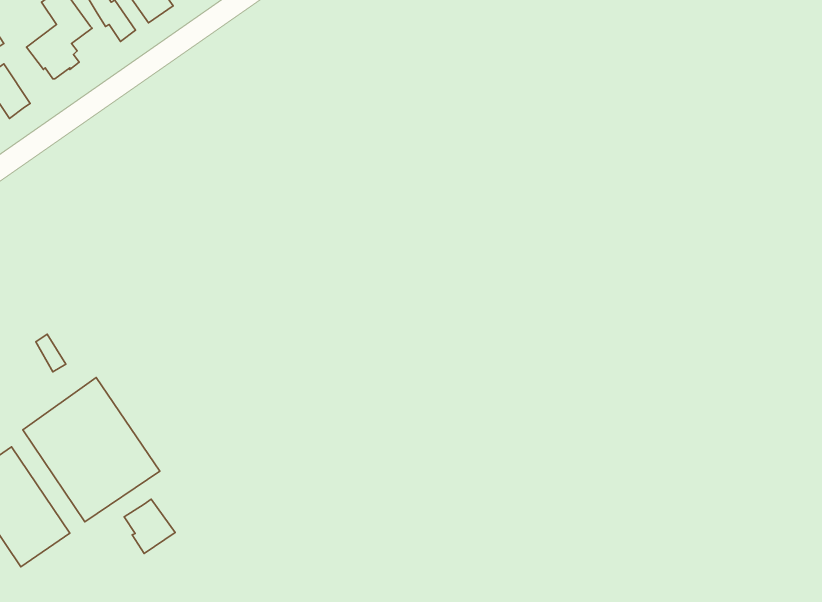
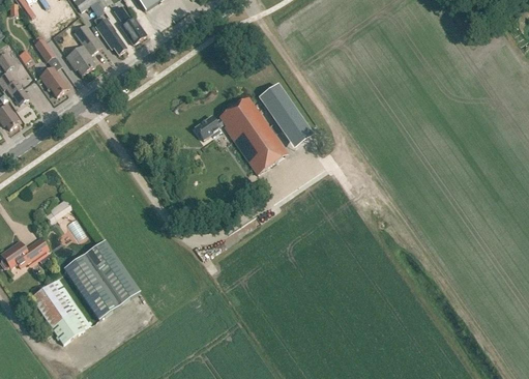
building: none -> [261,87,304,135]
building: none -> [195,96,287,174]
building: [124,499,175,553] -> none

